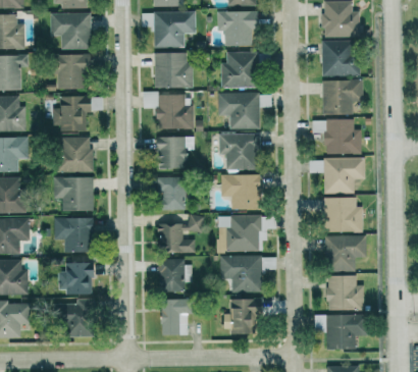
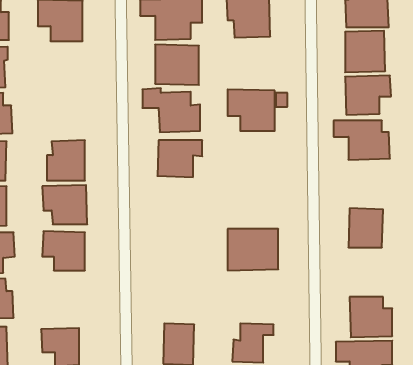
building: [222,52,256,88] -> none
building: [51,53,89,89] -> none
building: [52,96,101,130] -> none
building: [219,134,259,170] -> none
building: [323,157,366,194] -> none
building: [221,174,260,209] -> none
building: [156,176,184,210] -> none
building: [157,215,204,253] -> none
building: [325,235,366,272] -> none
building: [221,255,262,293] -> none
building: [158,259,194,293] -> none
building: [58,262,92,295] -> none

